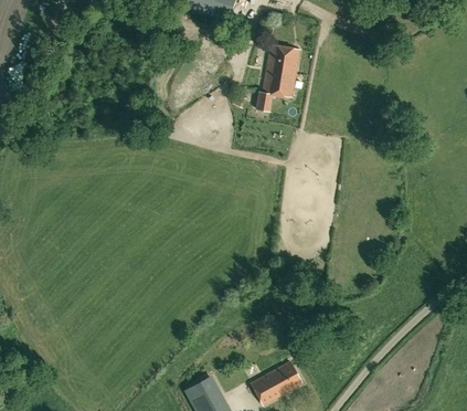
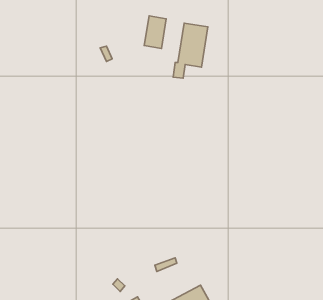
building: none -> [144,16,166,49]

